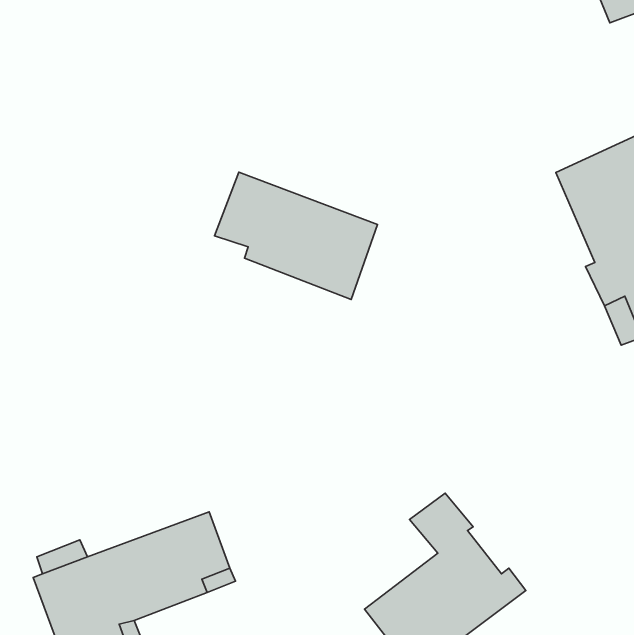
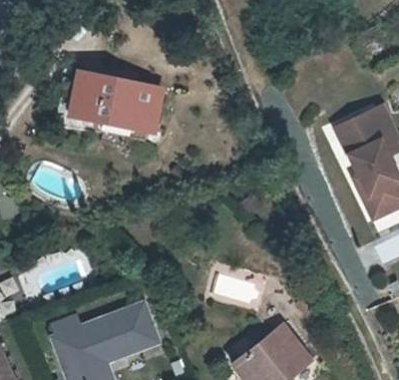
building: [215,172,377,299] -> [63,70,150,138]

